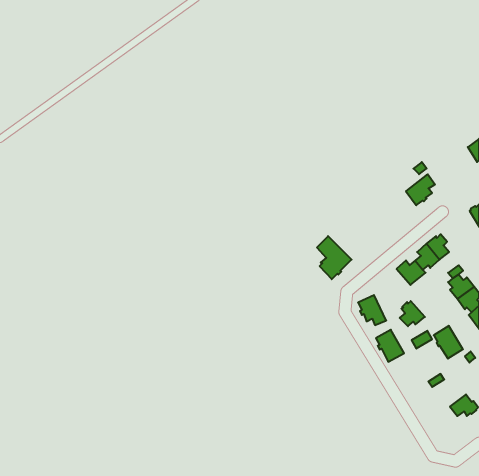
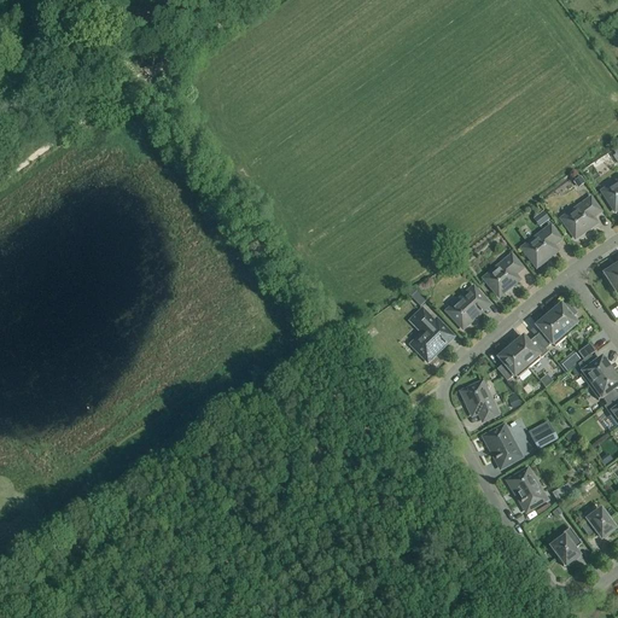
building: none -> [561,197,599,235]
building: none -> [484,255,521,295]
building: none -> [447,286,489,326]
building: [400,301,425,326] -> [496,346,529,379]
building: [434,326,463,359] -> [508,467,546,509]
building: none -> [552,526,582,565]

